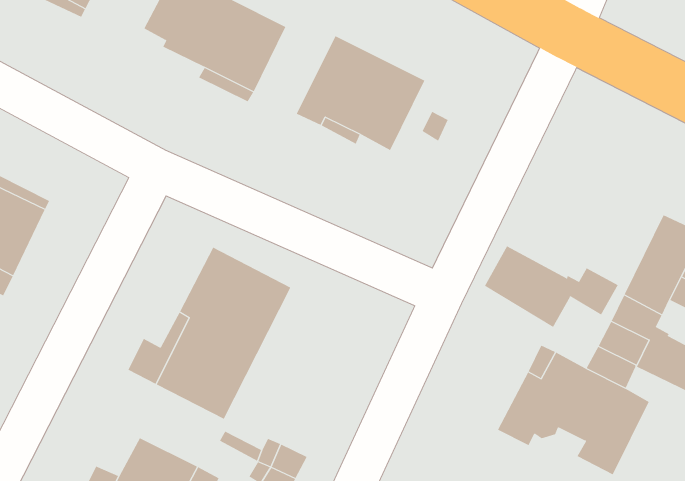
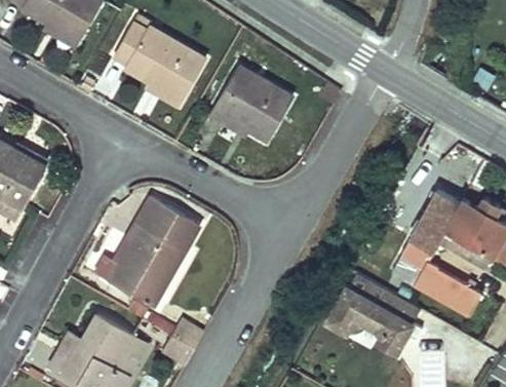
building: [484,246,618,328] -> none

